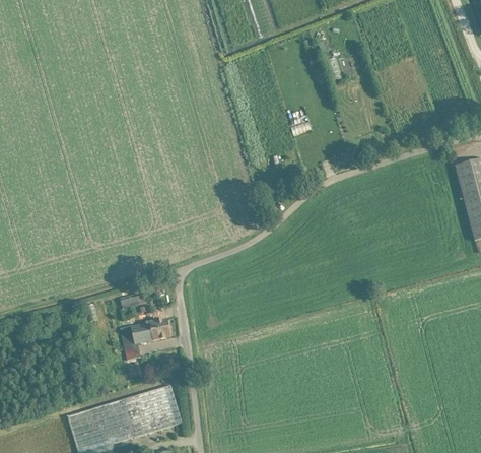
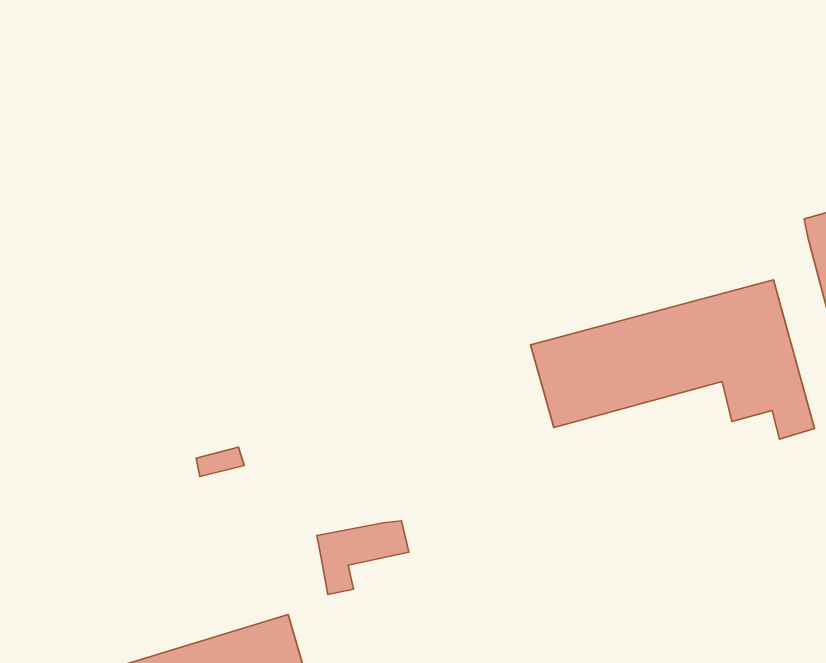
building: none -> [531,280,815,439]
building: [120,318,170,359] -> [317,521,409,595]

